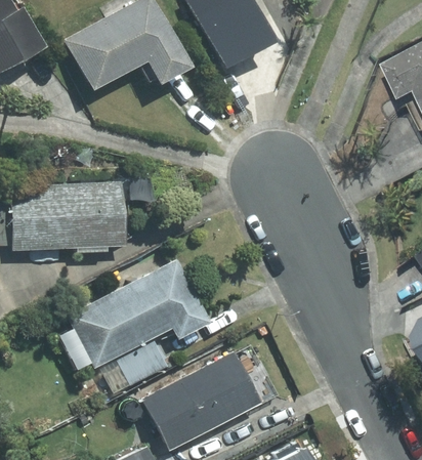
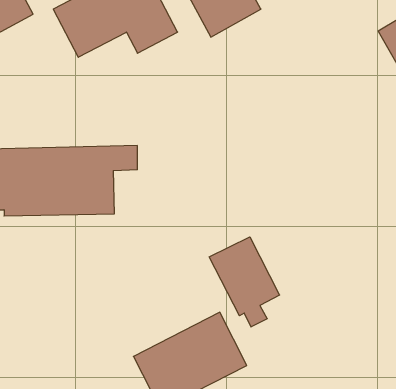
building: [56,257,211,398] -> none
building: none -> [209,237,280,327]

